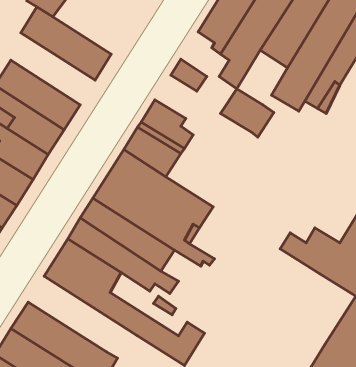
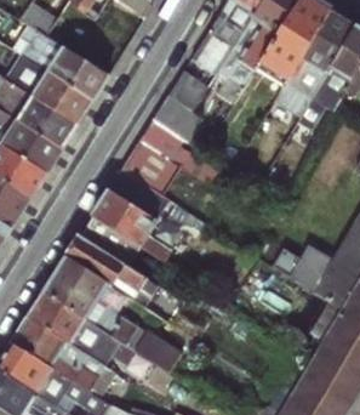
building: none -> [7,50,93,124]
building: [221,89,274,137] -> [152,95,204,142]
building: none -> [28,291,135,365]

